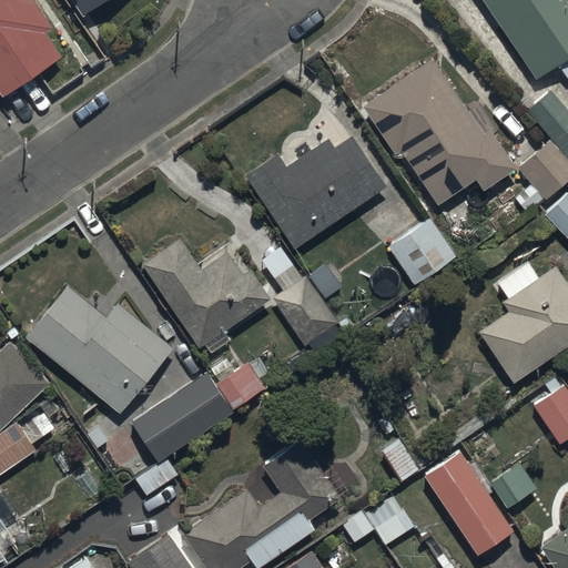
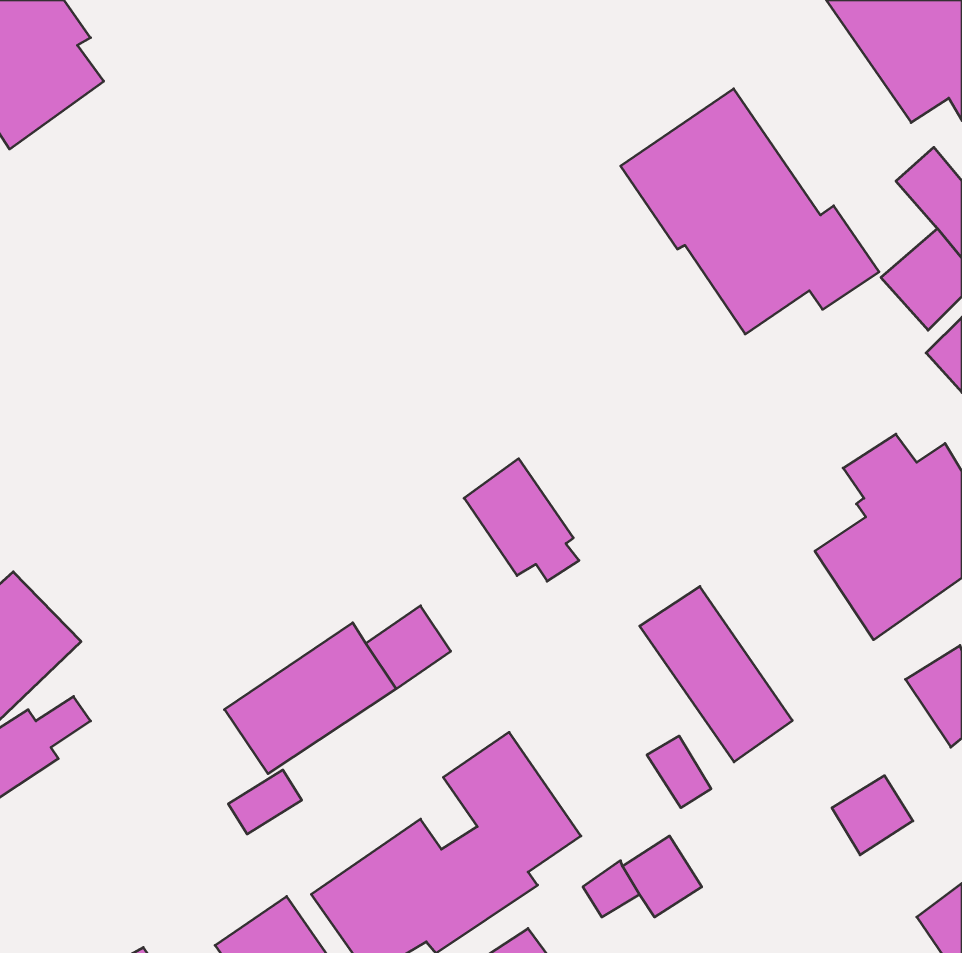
building: [245,135,385,248] -> none
building: [387,219,456,286] -> none
building: [142,239,271,347] -> none
building: [24,285,172,415] -> none
building: [423,450,513,554] -> [640,586,792,762]

